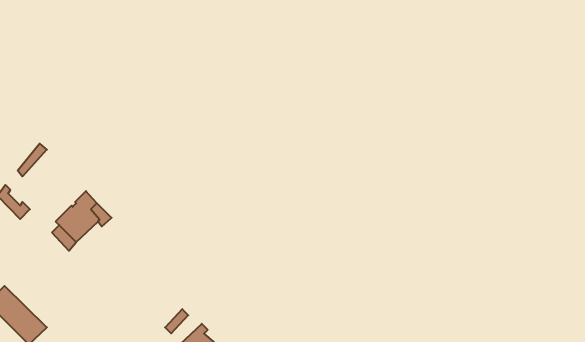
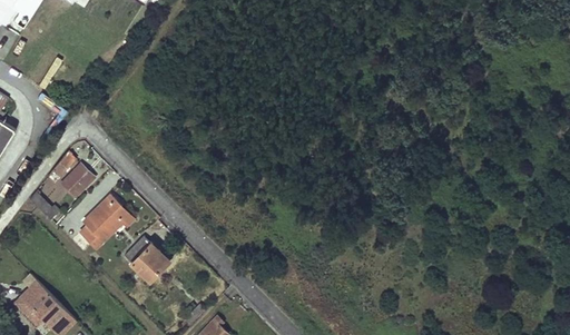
building: none -> [61,164,95,197]
building: none -> [125,236,169,282]

